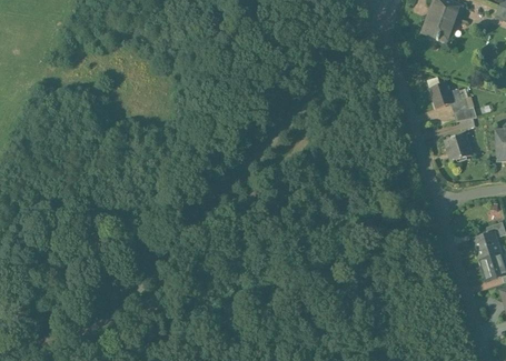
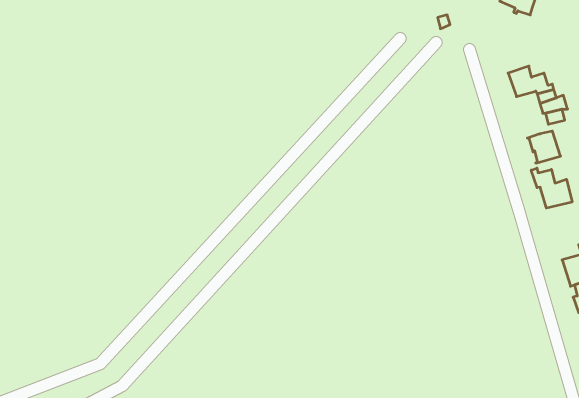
building: none -> [531,168,572,208]

